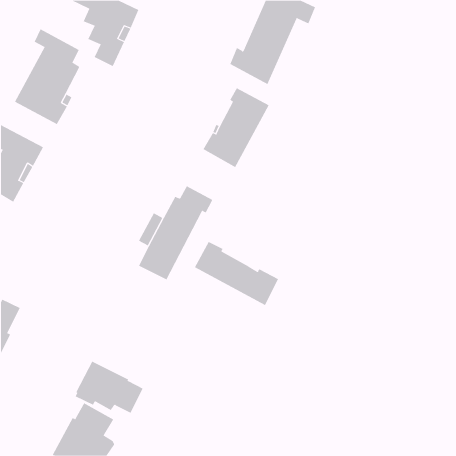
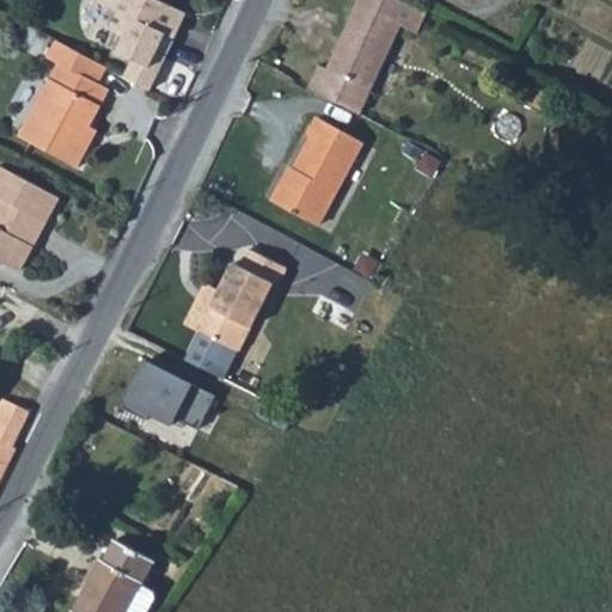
building: [194,241,279,306] -> none
building: [75,361,143,414] -> [117,354,209,424]

